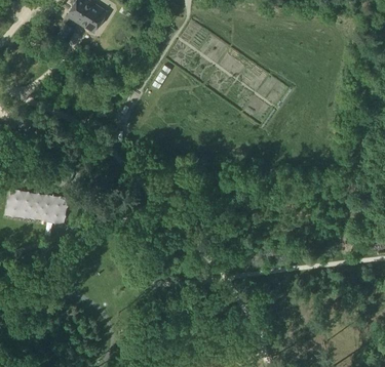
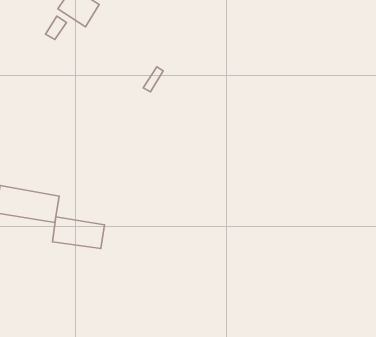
building: none -> [52,217,105,249]

